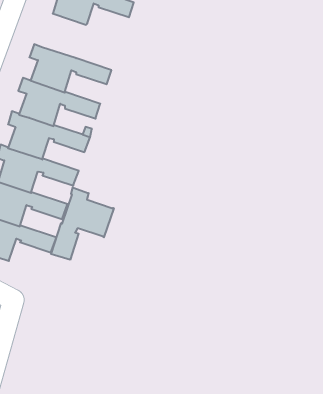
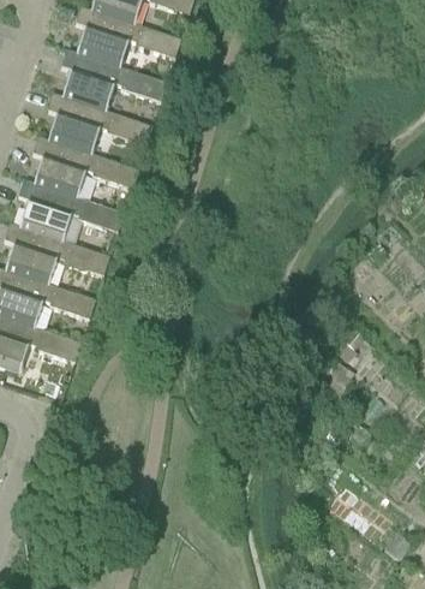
building: none -> [60,49,166,111]
building: [51,187,114,260] -> none

